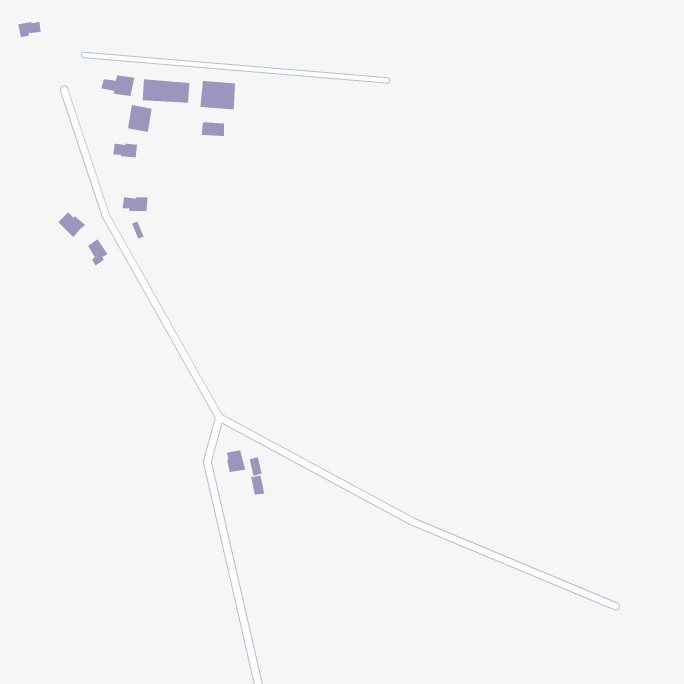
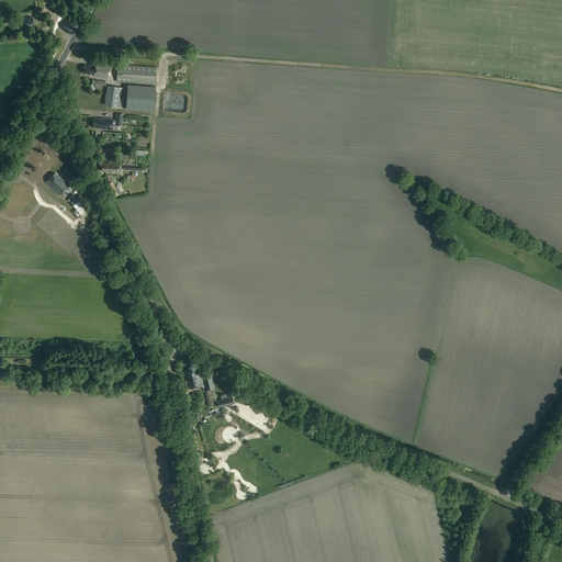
building: [200,80,236,110] -> [125,86,155,110]

